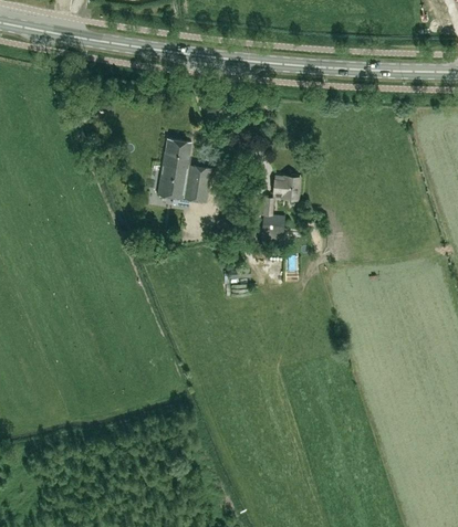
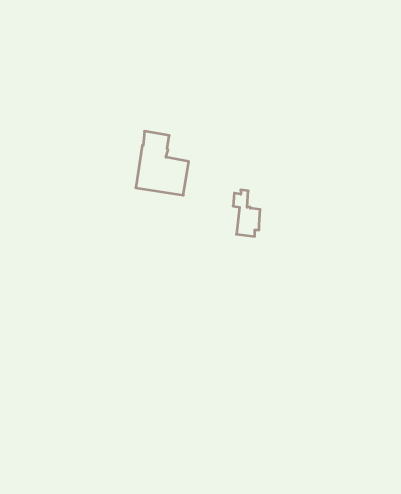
building: [273,173,301,199] -> none

